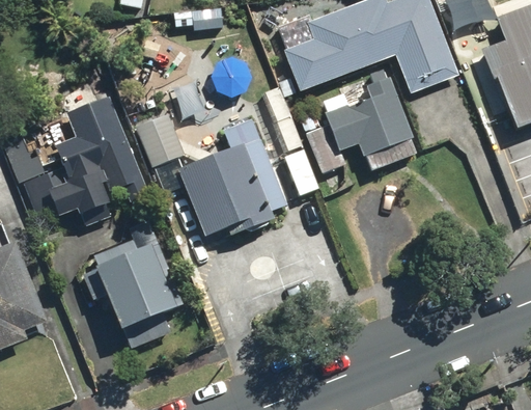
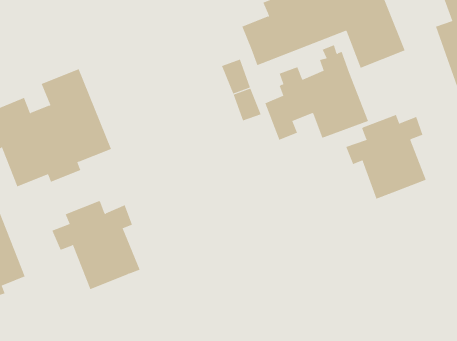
building: [136,112,287,238] -> none
building: none -> [345,114,427,200]

